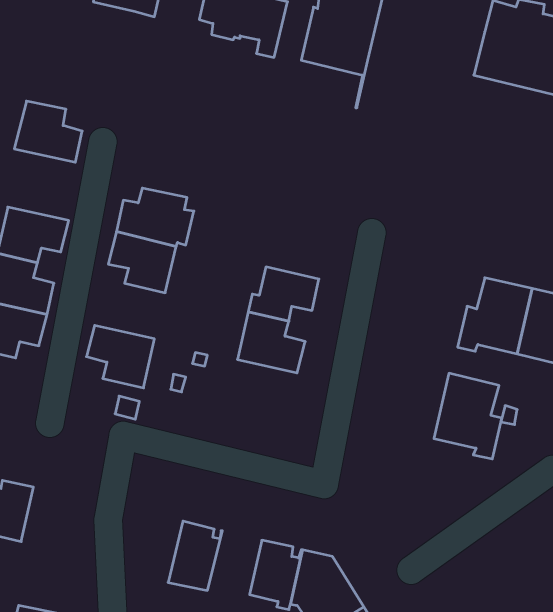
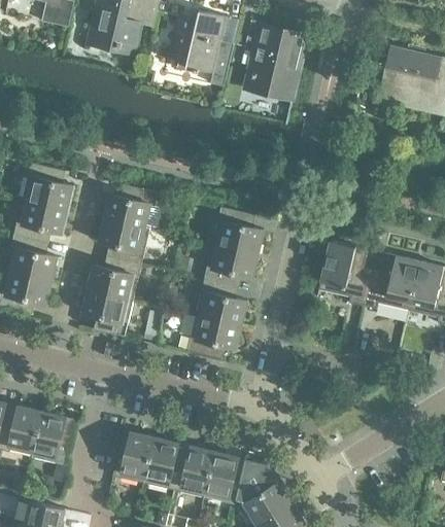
building: [14,101,82,162] -> [22,163,73,209]
building: none -> [217,206,264,253]
building: none -> [88,256,141,298]
building: none -> [187,314,241,357]
building: [434,373,502,459] -> [318,240,370,305]
building: none -> [31,411,73,463]
building: none -> [112,429,155,483]
building: none -> [173,444,214,496]

